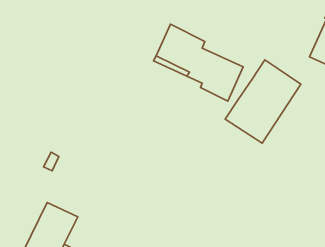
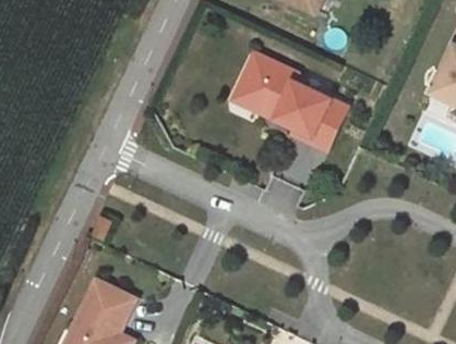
building: [225,60,301,143] -> none

